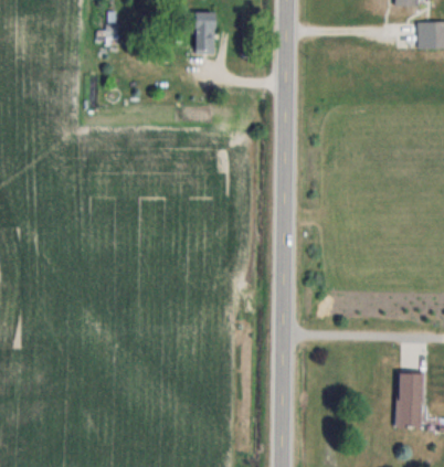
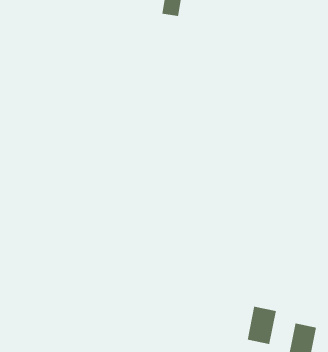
building: none -> [247,306,276,345]

